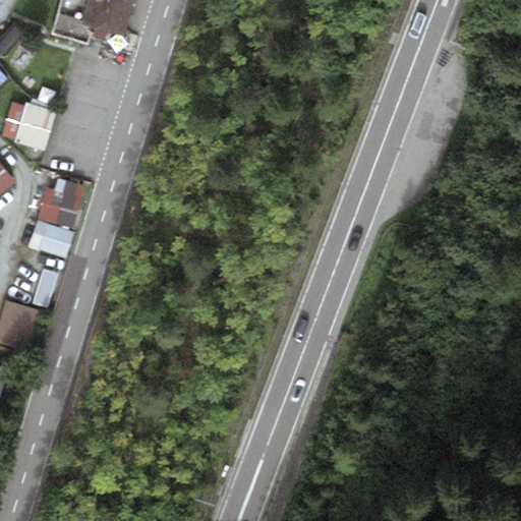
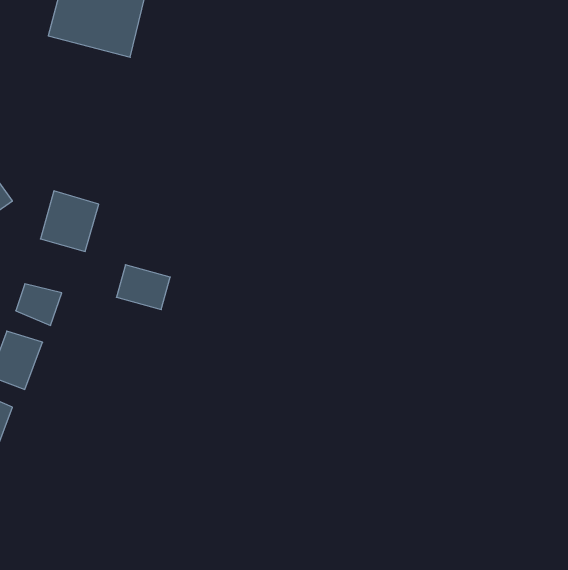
building: [11,100,52,152] -> none
building: [28,217,77,257] -> [116,265,170,310]

